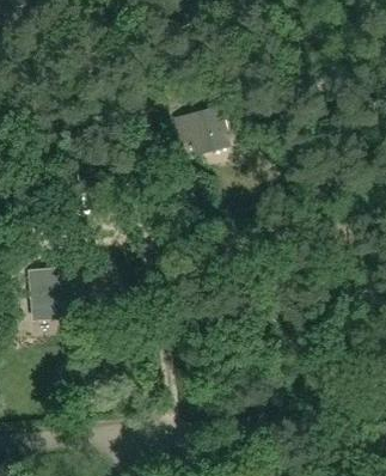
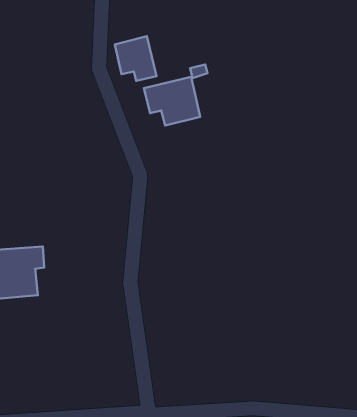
building: none -> [115,36,156,81]

